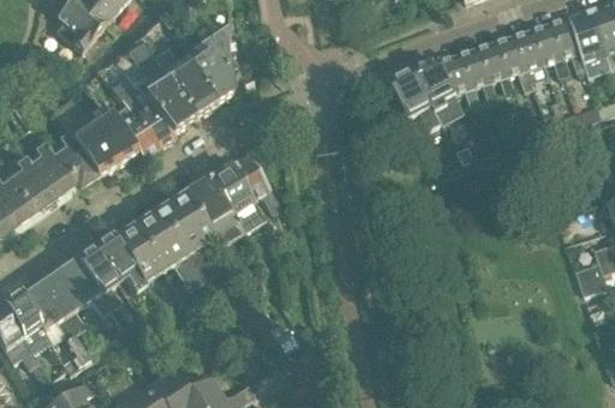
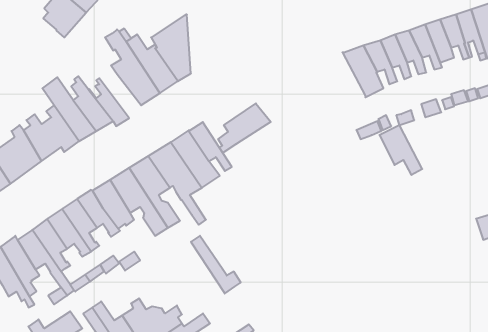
building: [390,68,442,128] -> [379,125,422,175]
building: [112,80,175,148] -> none
building: none -> [218,103,271,153]

